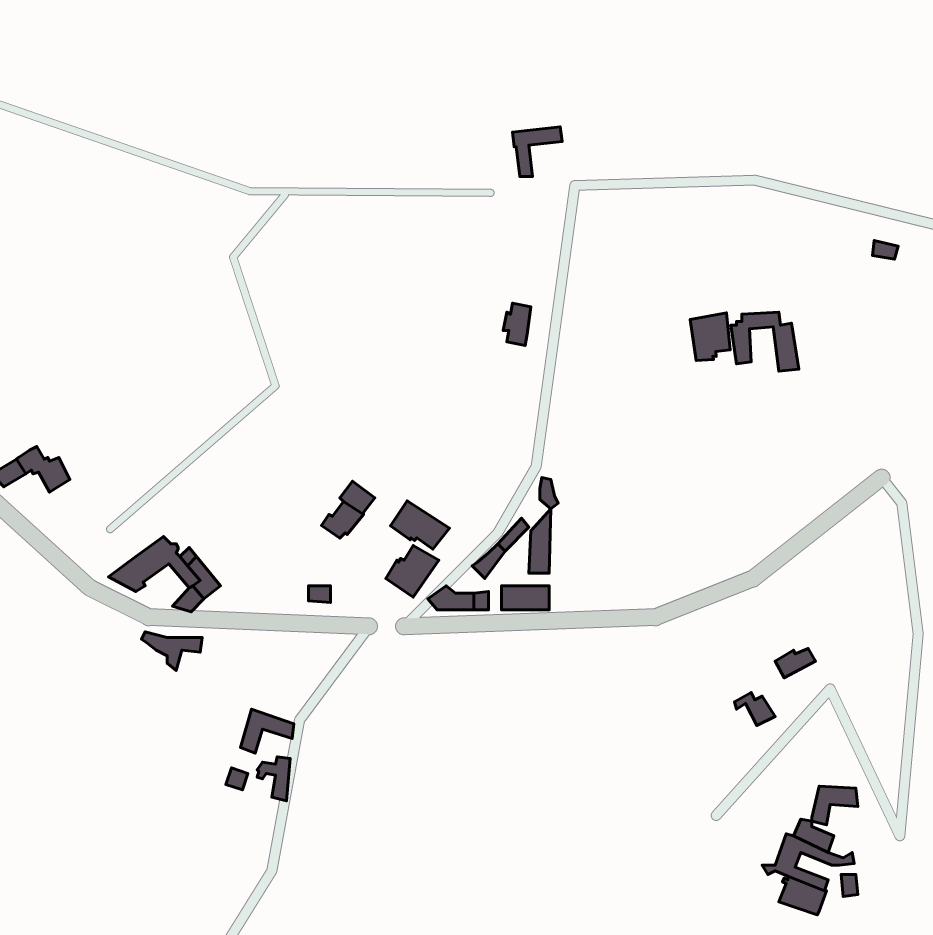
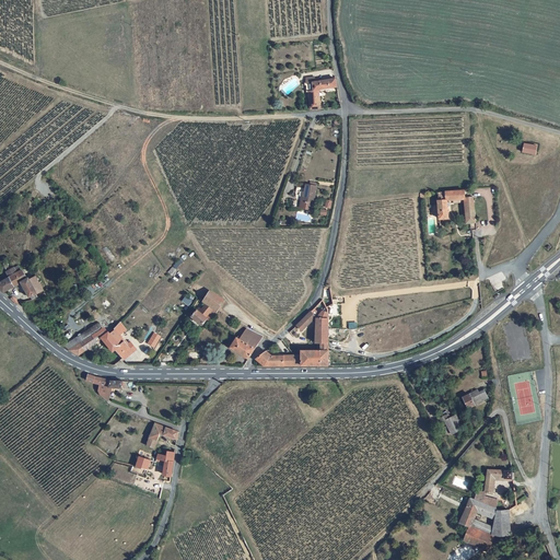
building: [690,313,730,361] -> none
building: [390,501,450,549] -> none

